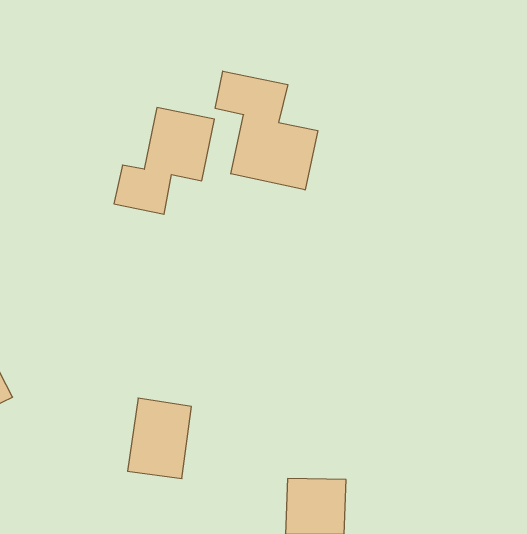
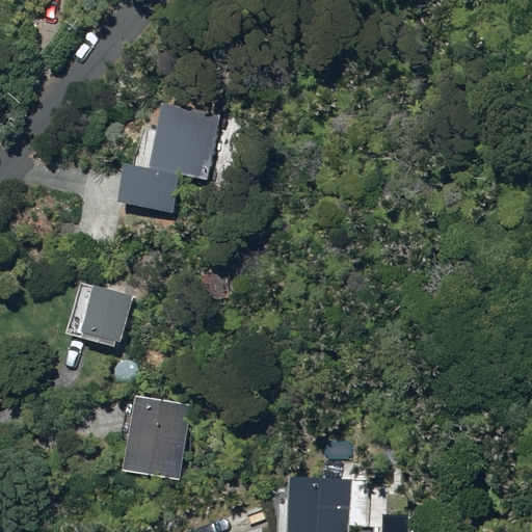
building: [215,71,318,190] -> none
building: none -> [83,285,136,344]

